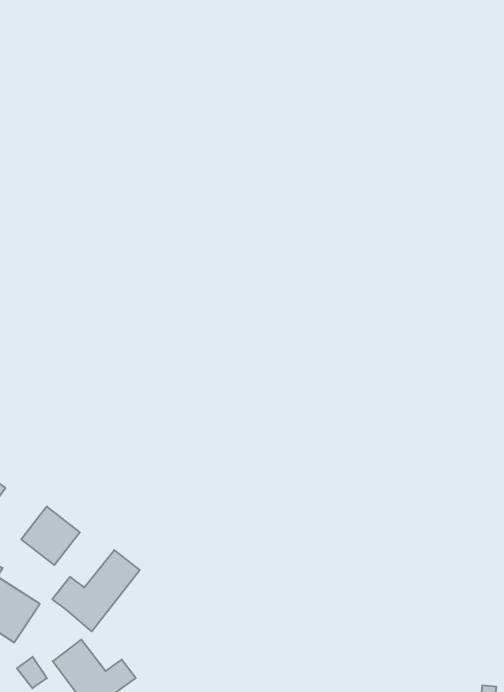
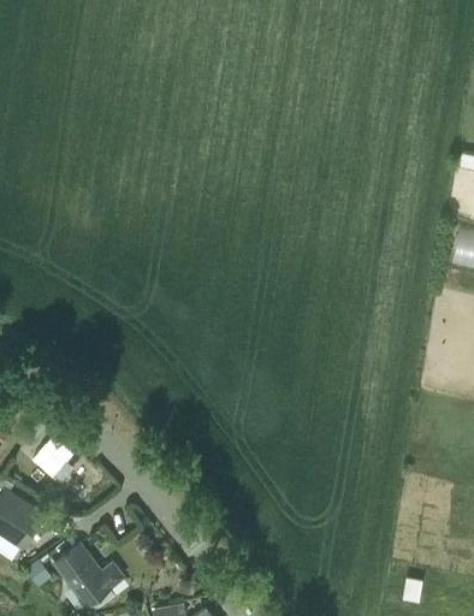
building: [52,550,140,631] -> none

